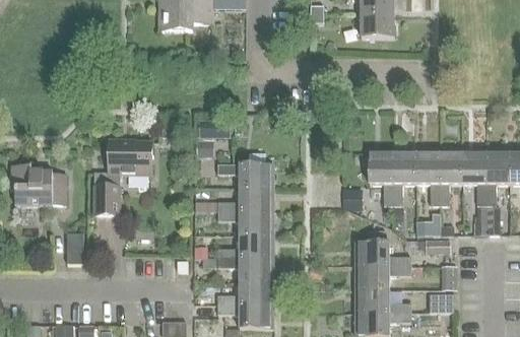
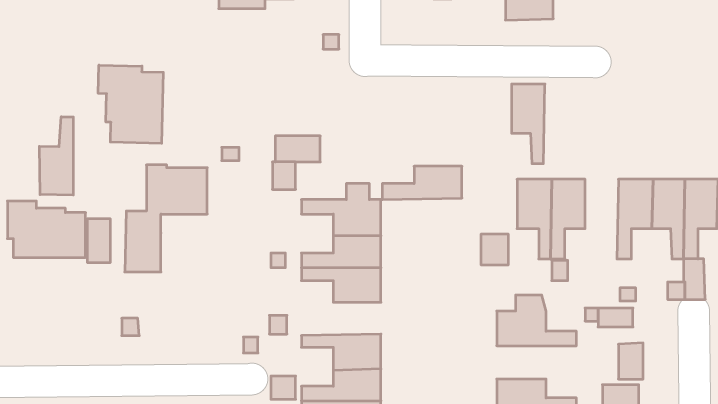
building: none -> [98,65,163,143]
building: none -> [39,117,73,195]
building: [416,150,440,206] -> [512,84,545,164]
building: [69,233,85,264] -> [87,219,110,262]
building: [217,237,273,260] -> [382,166,462,200]
building: [354,267,410,290] -> none

